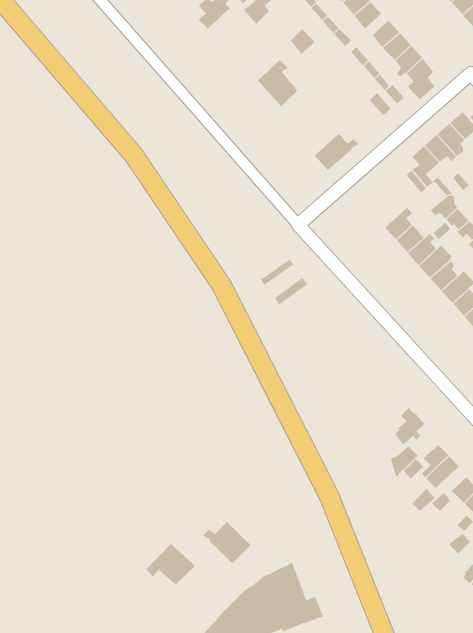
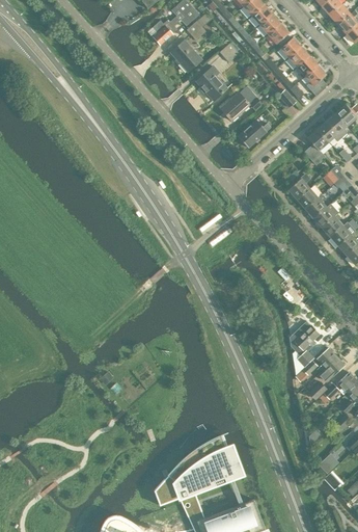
building: none -> [169,41,200,73]
building: none -> [219,87,255,122]
building: [202,521,251,564] -> none
building: [145,543,196,586] -> none

